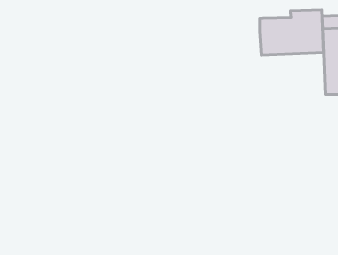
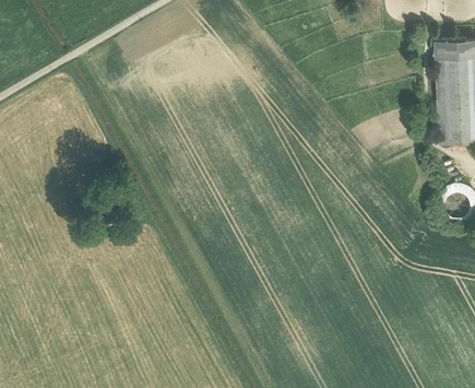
building: [260,10,323,55] -> none

